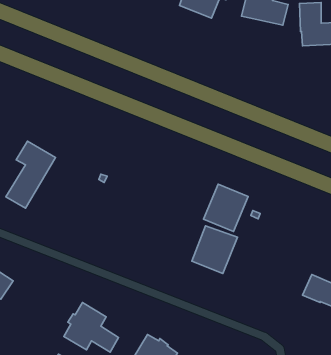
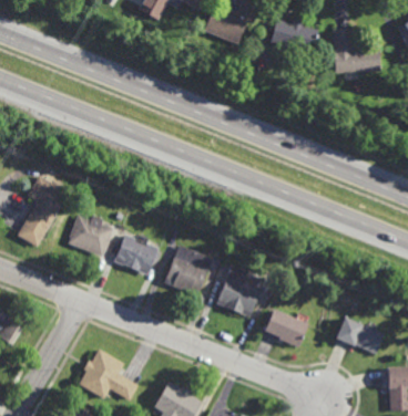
building: none -> [67,215,114,258]
building: [204,184,248,232] -> [164,246,212,297]
building: none -> [113,235,160,275]
building: none -> [264,311,309,351]

